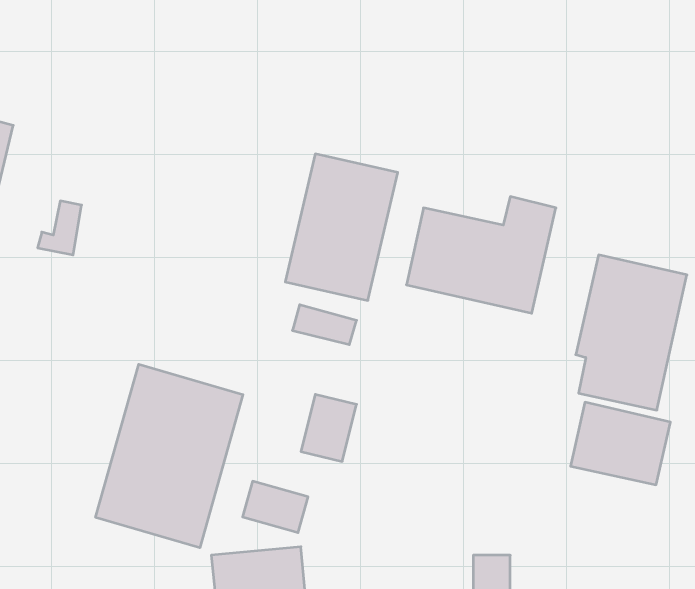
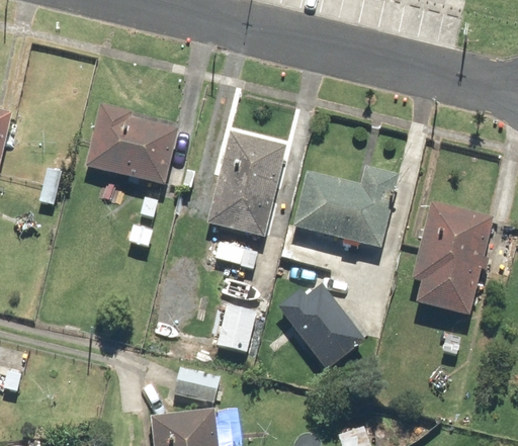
building: none -> [82,104,176,183]
building: [96,364,243,548] -> none
building: [571,402,670,485] -> [306,291,376,350]

